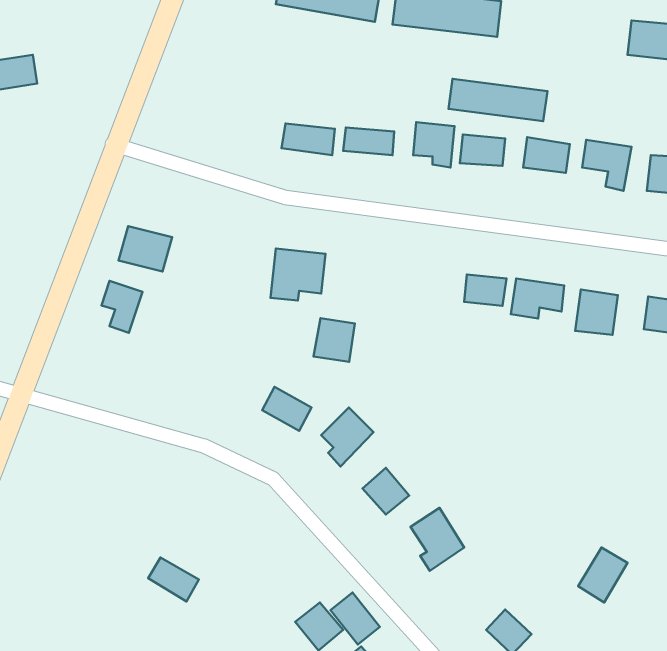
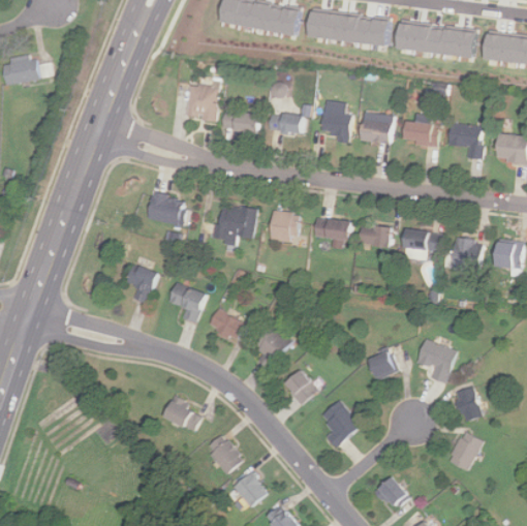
building: [448,79,547,121] -> [397,25,471,57]
building: none -> [185,85,218,122]
building: [119,226,172,271] -> [145,192,185,226]
building: none -> [308,216,348,241]
building: [101,281,143,333] -> [126,265,157,304]
building: [314,318,355,362] -> [264,209,295,242]
building: none -> [167,283,207,323]
building: none -> [415,339,457,383]
building: none -> [369,351,398,380]
building: none -> [454,386,482,423]
building: [148,558,199,601] -> [163,399,202,432]
building: [331,592,380,645] -> [206,434,243,473]

